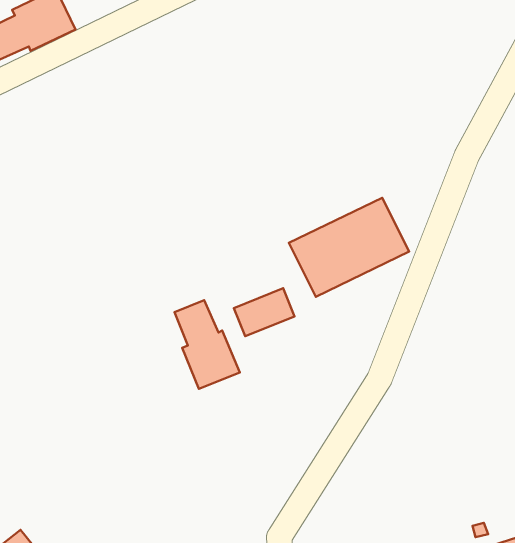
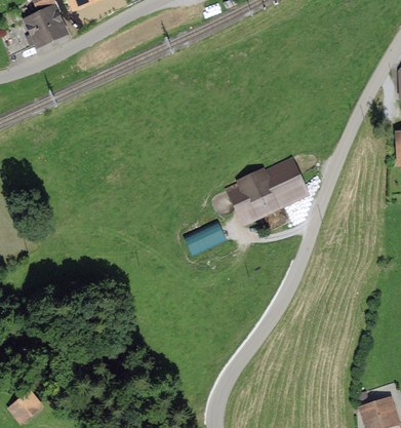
building: [175,300,240,389] -> none

